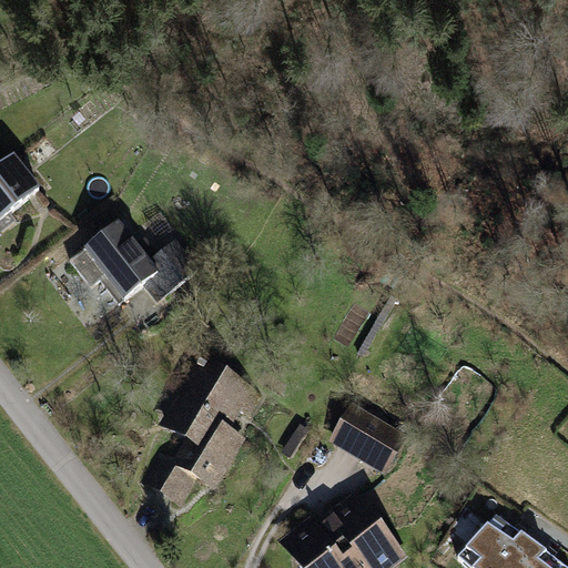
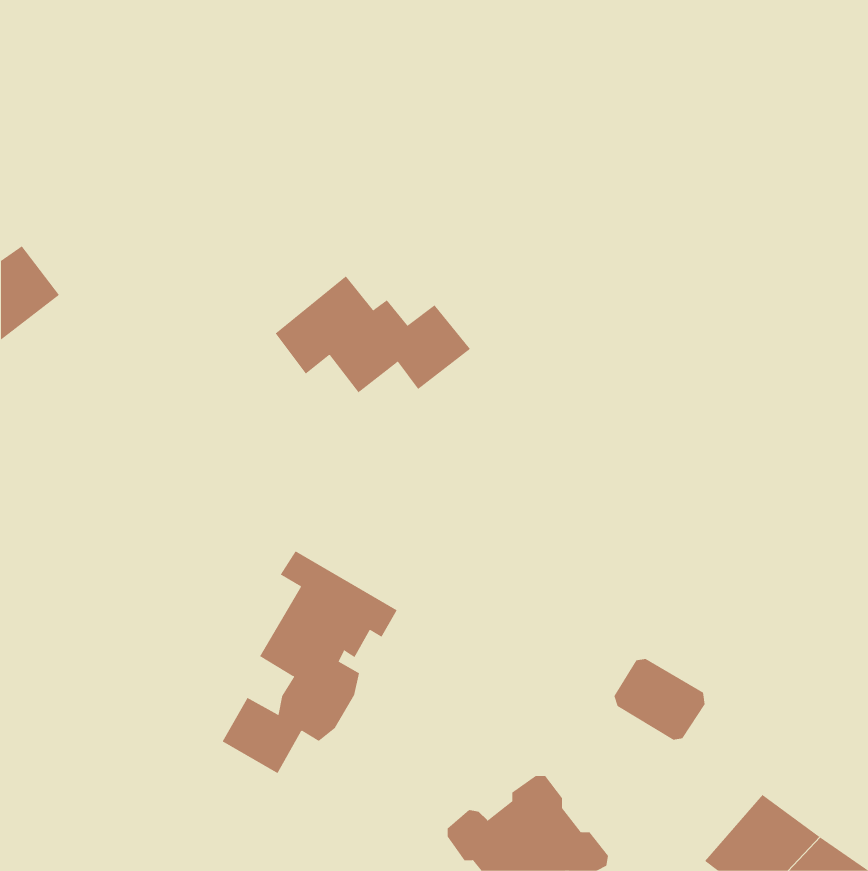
building: [73,225,201,302] -> [275,276,471,393]
building: [339,413,399,466] -> [613,658,705,740]

